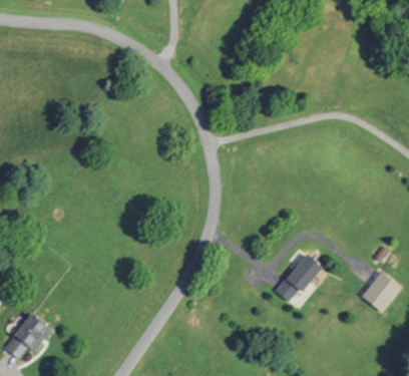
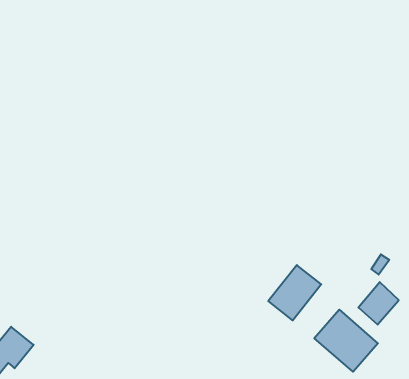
building: none -> [314,310,378,372]

